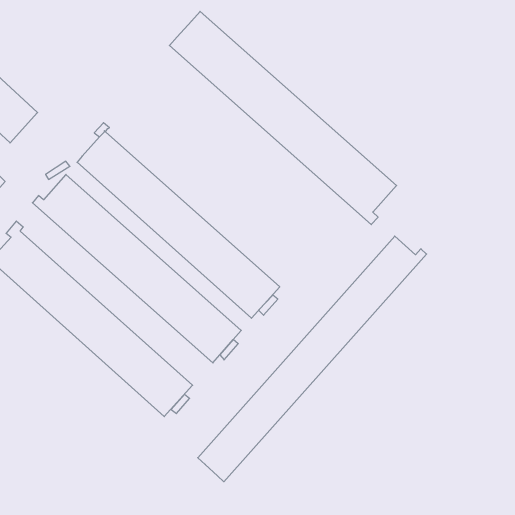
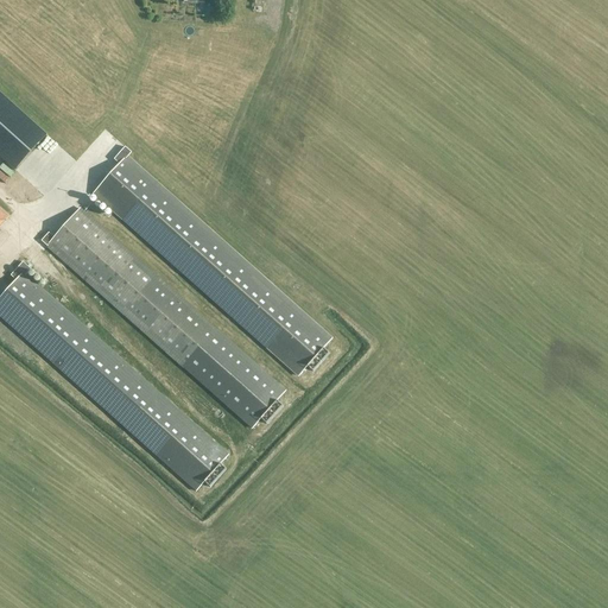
building: [169,11,397,225] -> none
building: [198,236,427,482] -> none

